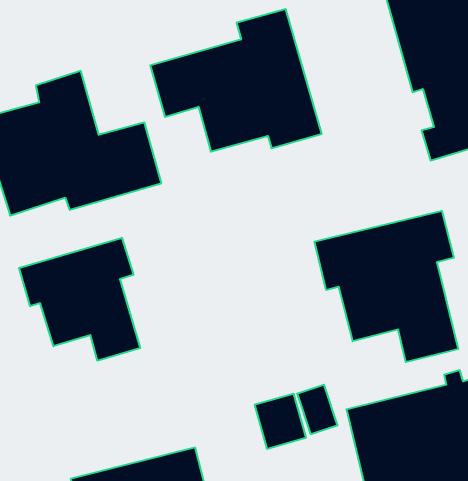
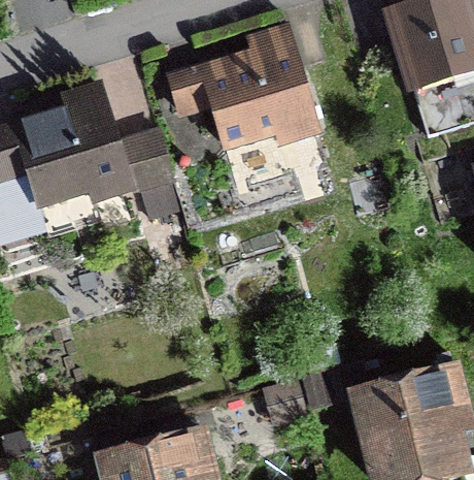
building: [315,211,458,362] -> none
building: [19,238,140,361] -> none

